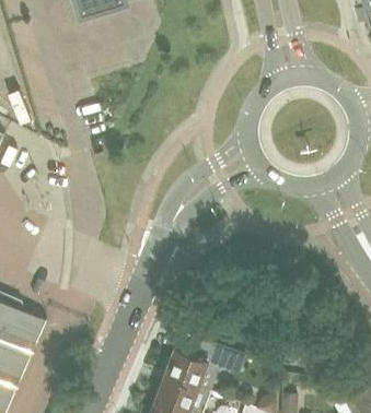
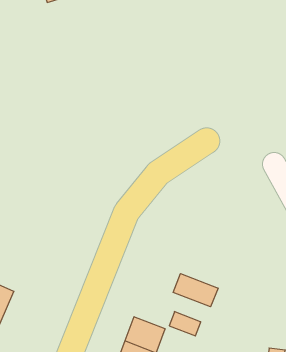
building: none -> [173,274,218,307]

